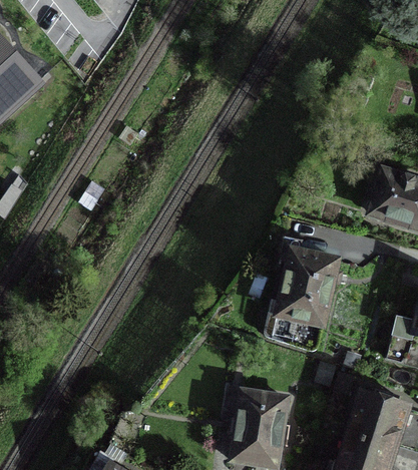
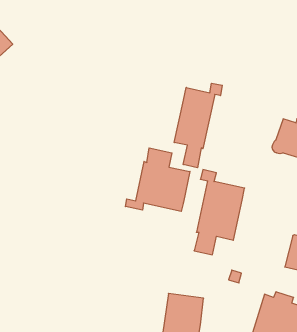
building: none -> [174,83,222,168]
building: none -> [125,148,190,211]

